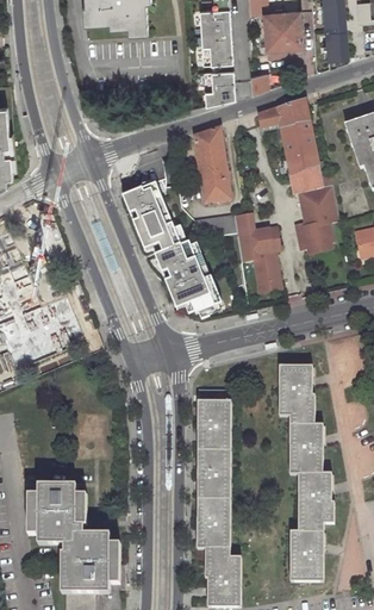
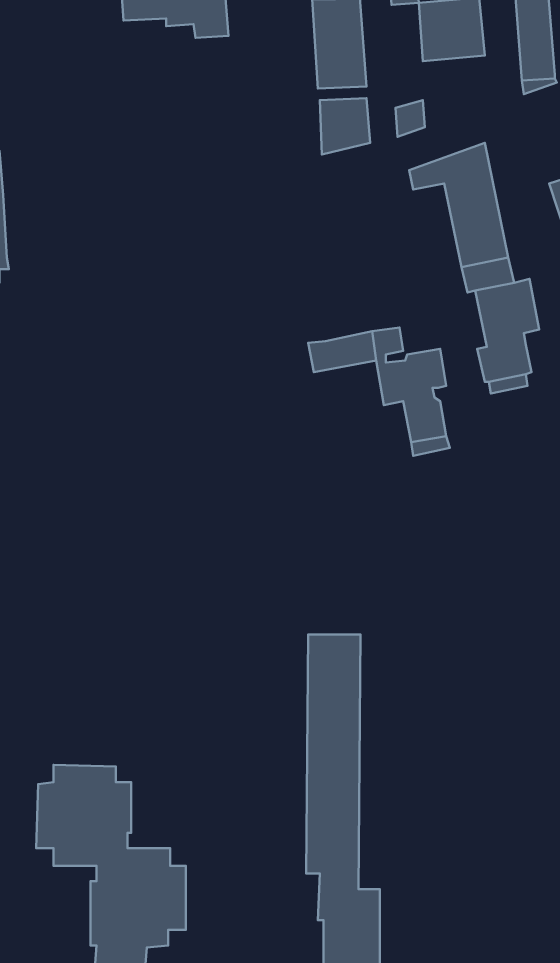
building: [194,127,231,203] -> none
building: [124,183,219,315] -> none
building: [279,367,334,581] -> none

